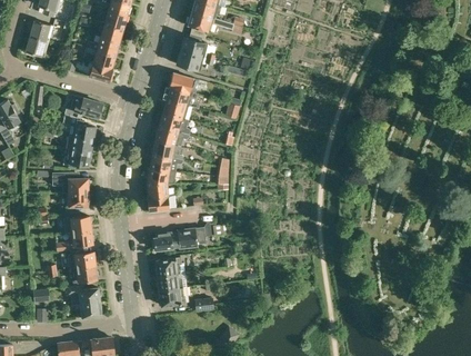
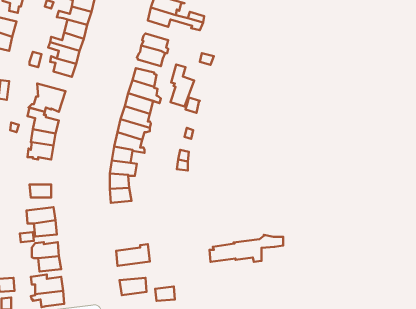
building: none -> [171,64,194,107]
building: [52,172,88,192] -> none
building: [152,222,228,250] -> [210,235,283,262]
building: [156,271,189,290] -> none

